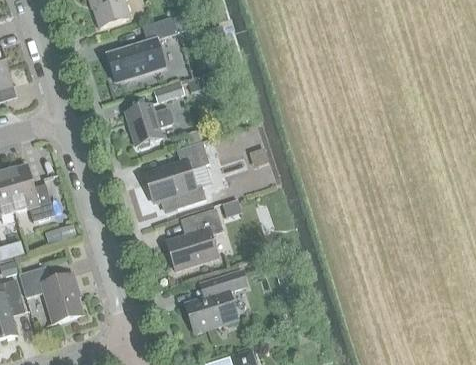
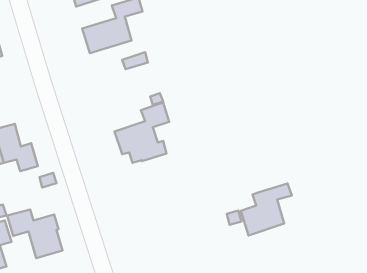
building: [124,103,172,148] -> none
building: [165,208,223,271] -> none
building: [185,271,245,332] -> [241,183,292,235]

